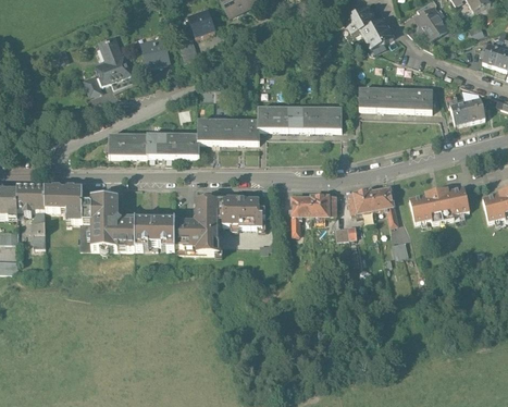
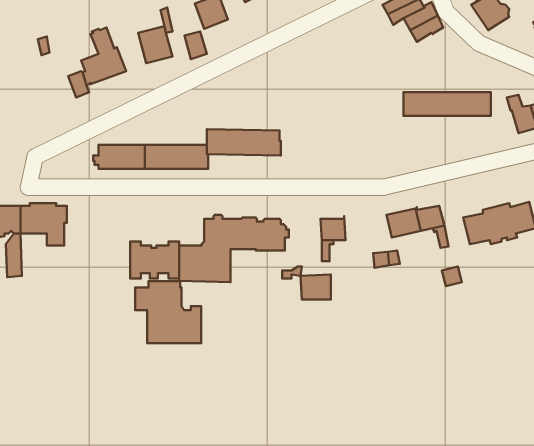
building: [258,111,342,132] -> none
building: [311,193,336,213] -> [301,274,331,299]
building: [80,194,135,245] -> [135,281,201,343]

